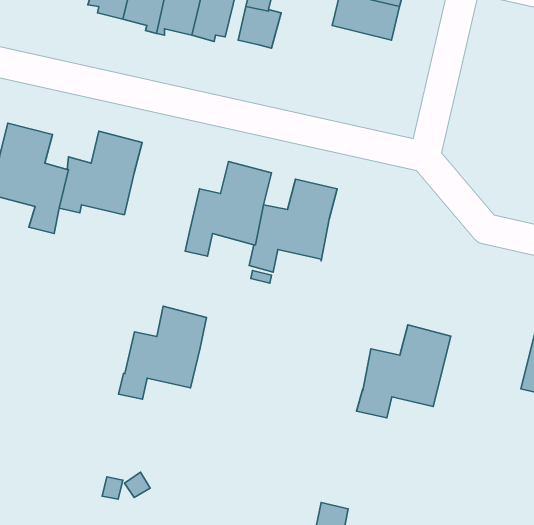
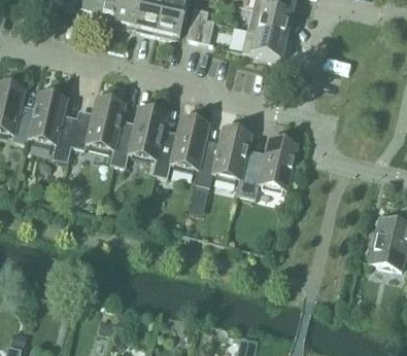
building: none -> [242,27,285,59]
building: [119,306,206,399] -> [109,105,166,165]
building: [357,325,451,418] -> [236,136,297,195]

